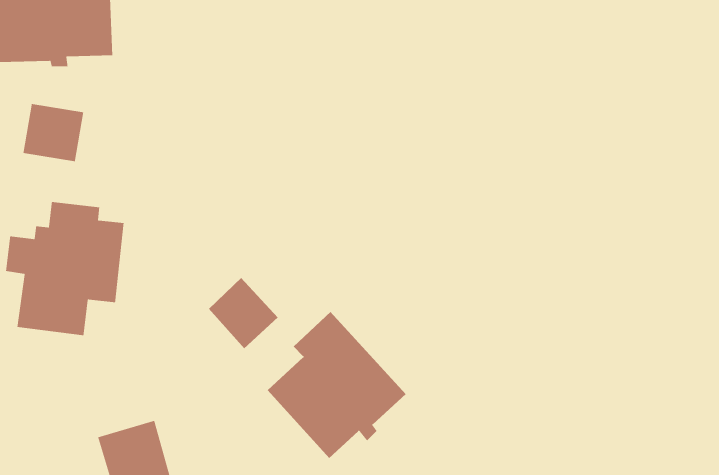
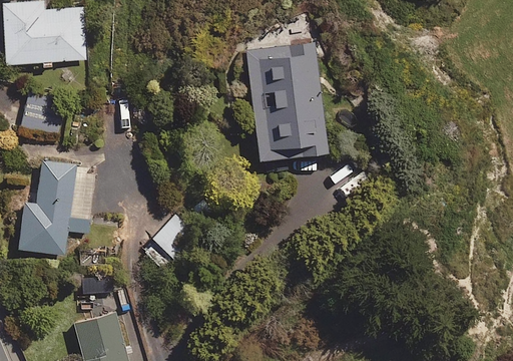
building: none -> [246,41,329,162]
building: [267,311,407,459] -> none

